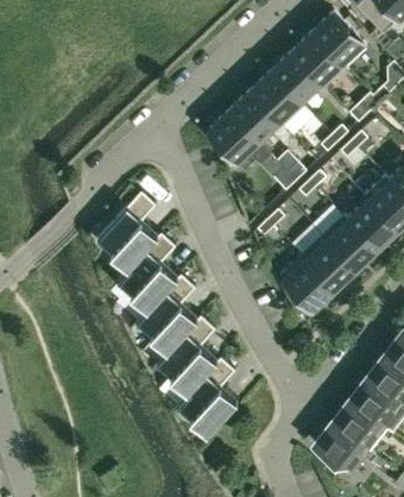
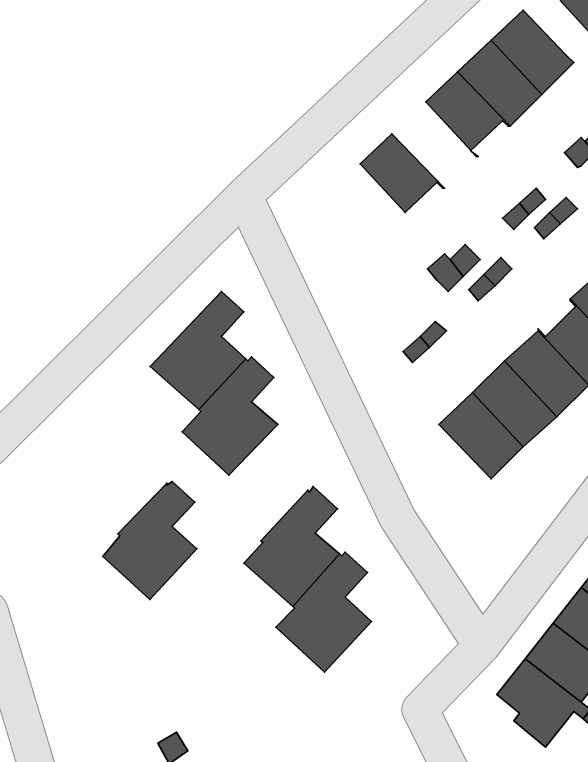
building: [250,71,303,126] -> none
building: [208,111,258,162] -> none
building: [137,275,196,350] -> [103,481,197,600]

